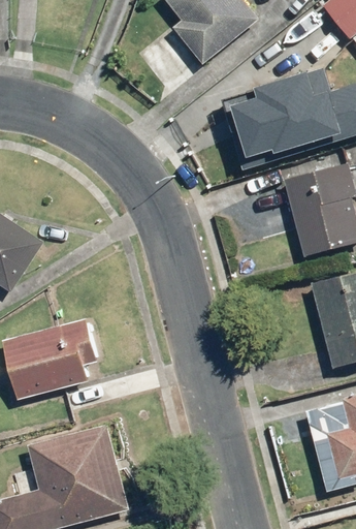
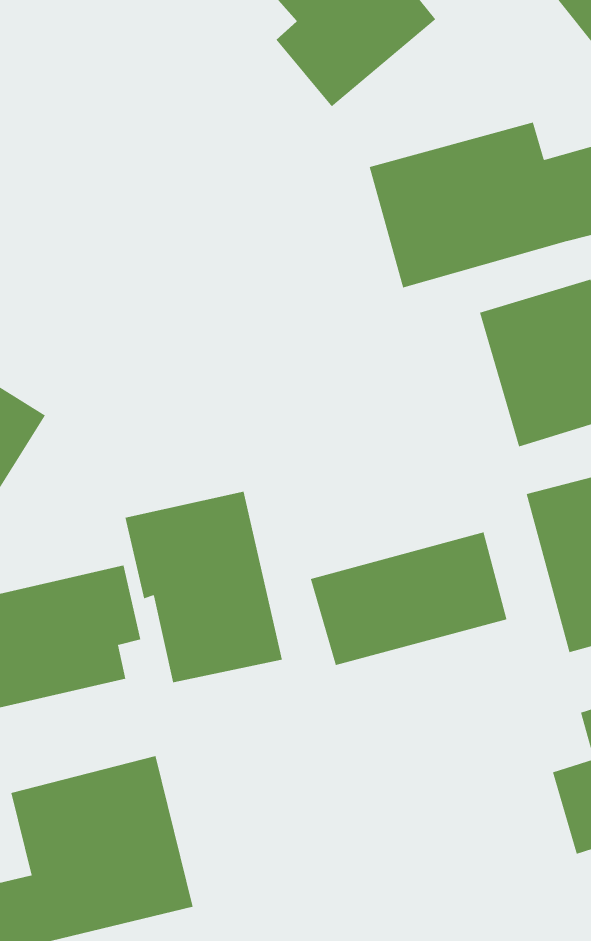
building: none -> [125,491,283,683]
building: none -> [310,531,507,666]

